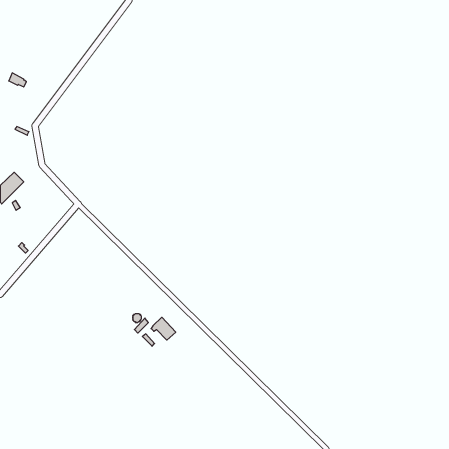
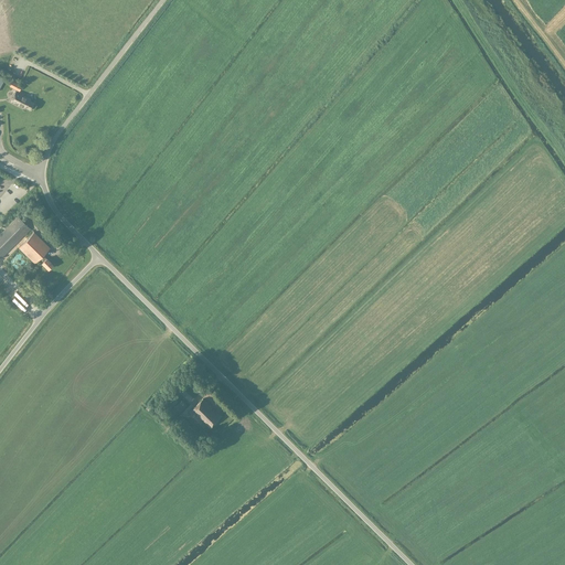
building: none -> [19,232,52,269]

